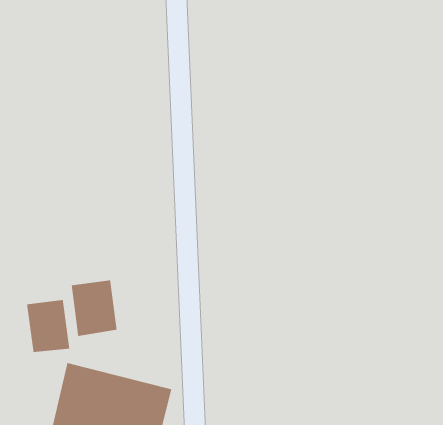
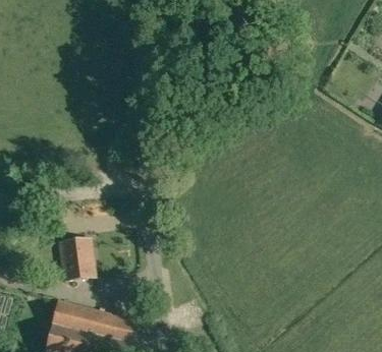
building: [26,299,70,353] -> none

